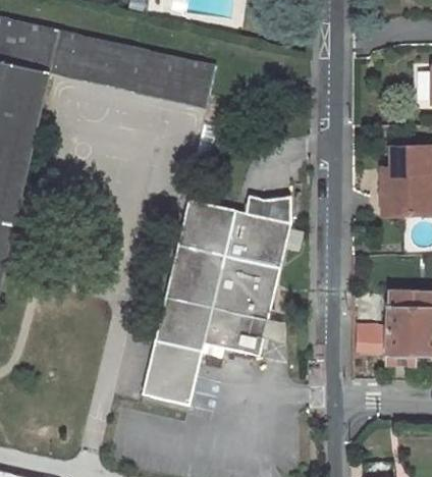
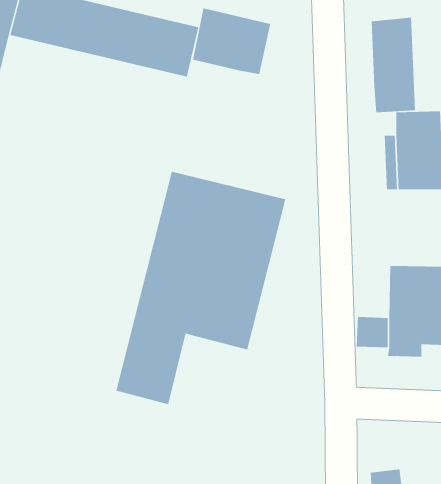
building: none -> [192,7,271,75]
building: none -> [371,17,416,113]

